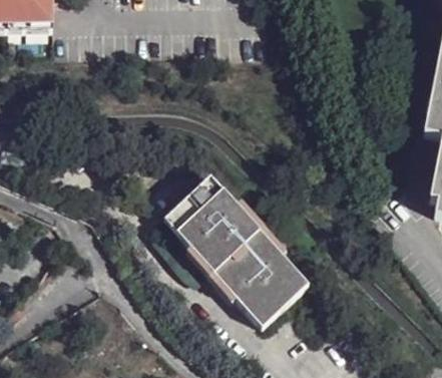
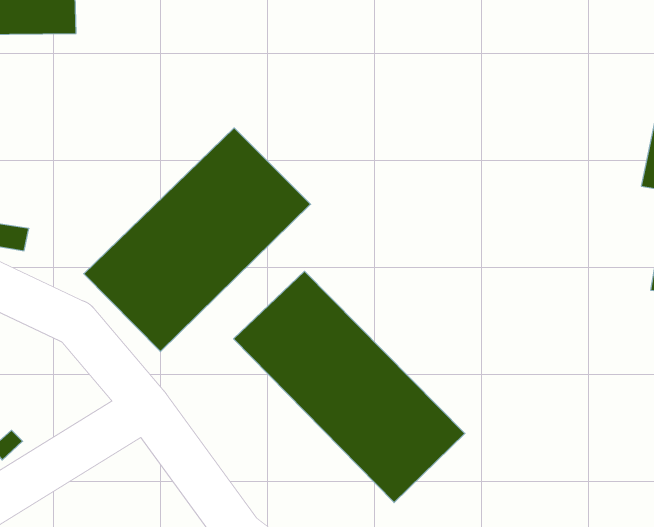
building: none -> [84,128,311,352]

